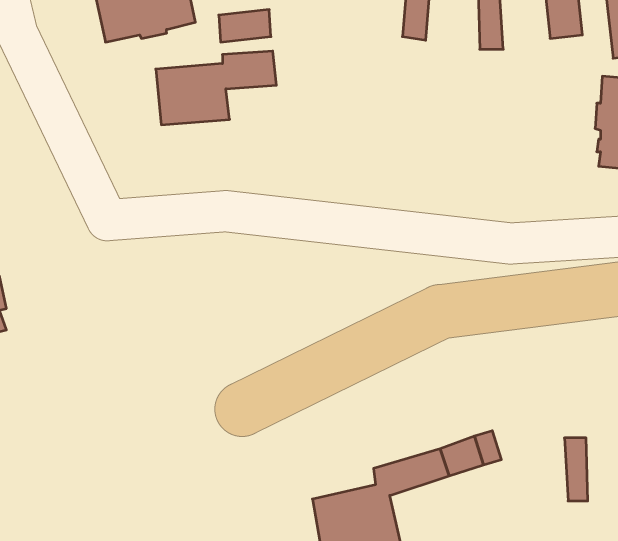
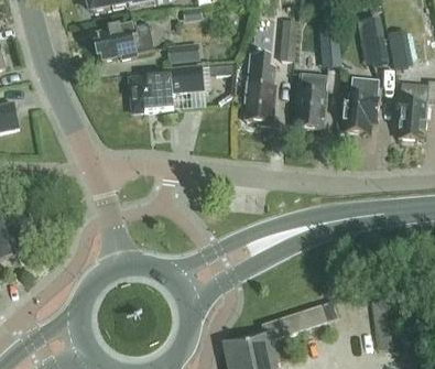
building: none -> [241,54,274,126]
building: none -> [294,75,326,131]
building: none -> [340,77,378,135]

